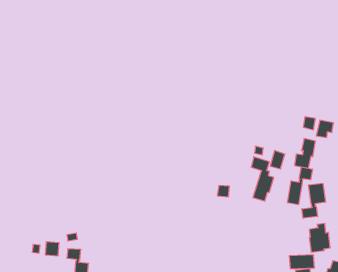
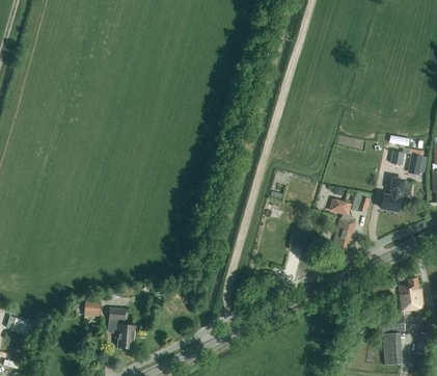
building: [287,167,312,205] -> none
building: [302,183,325,218] -> none

